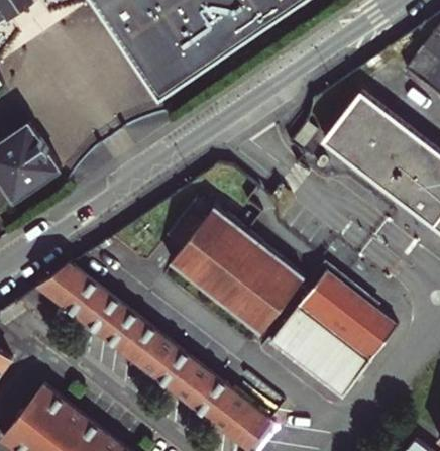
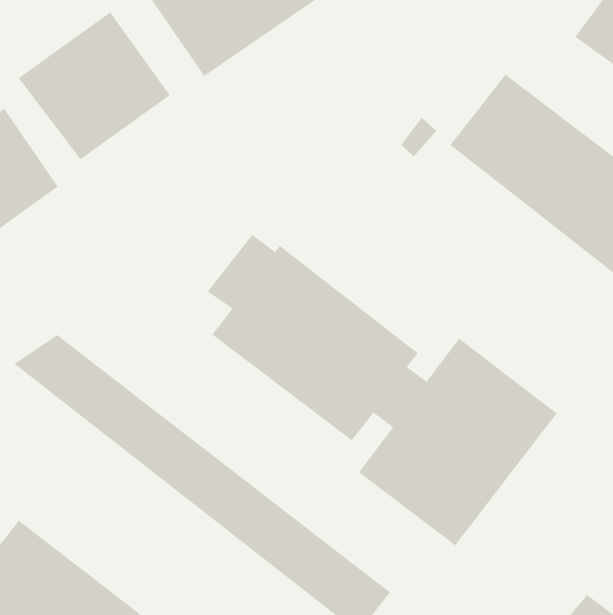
building: none -> [18,12,170,160]

